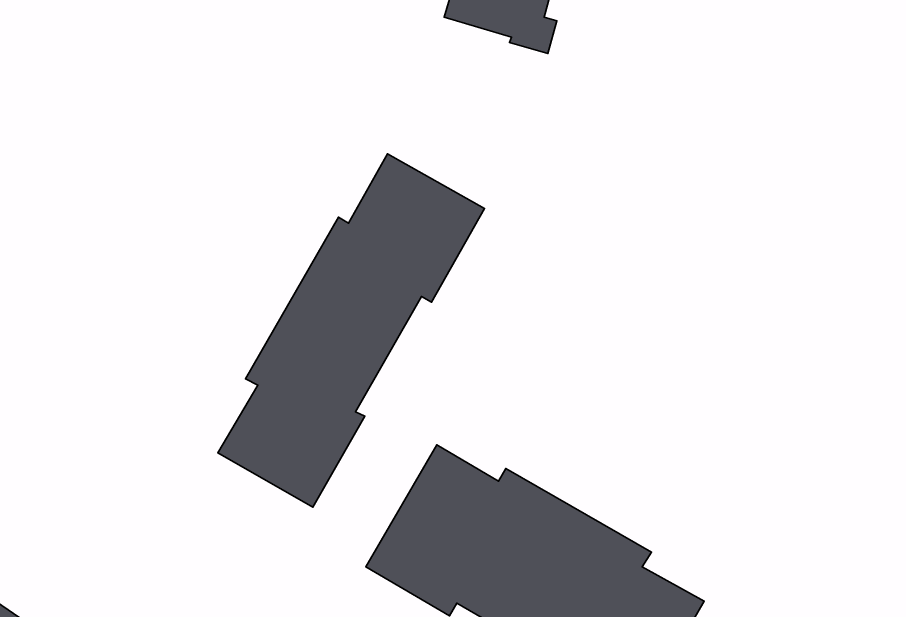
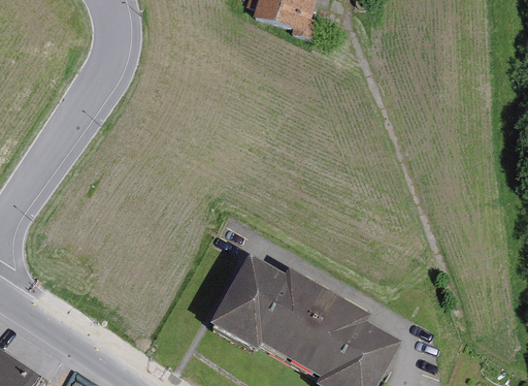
building: [218,154,484,507] -> none

